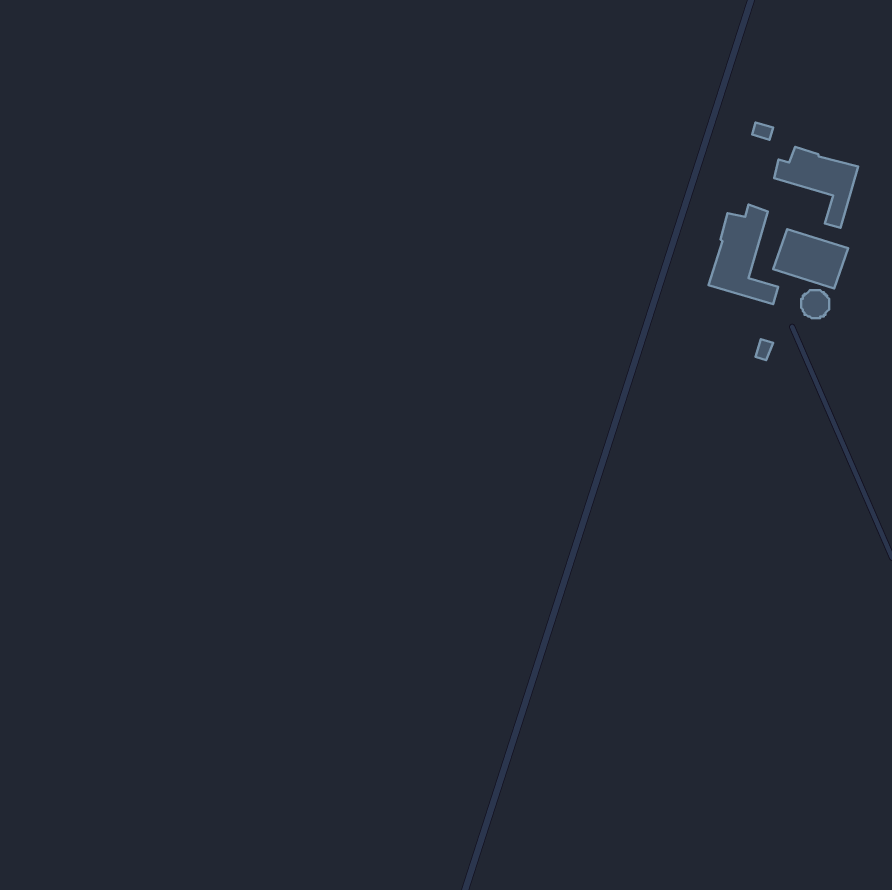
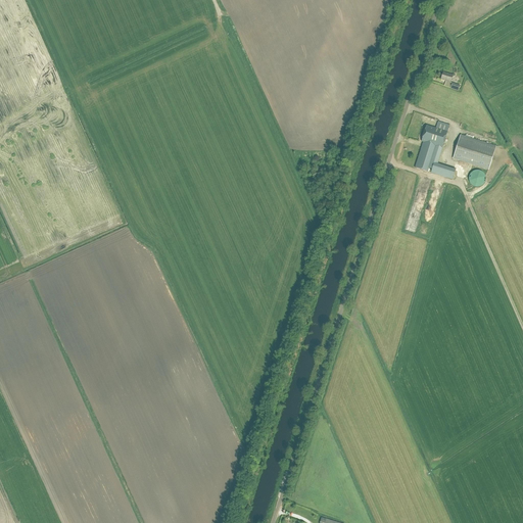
building: [774,147,858,228] -> none

